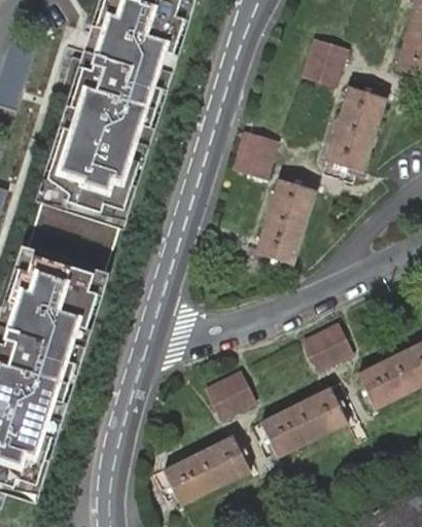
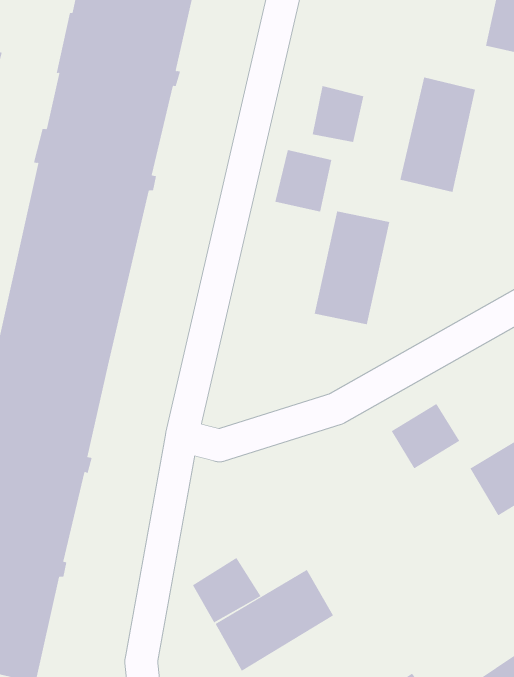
building: [304,41,344,84] -> [312,85,364,143]
building: [206,372,255,418] -> [192,557,261,623]
building: [261,386,347,457] -> none

